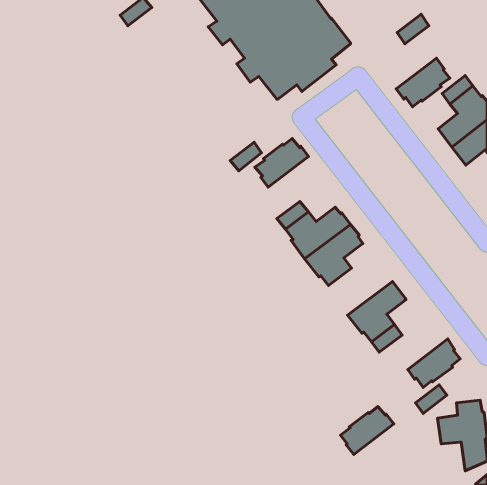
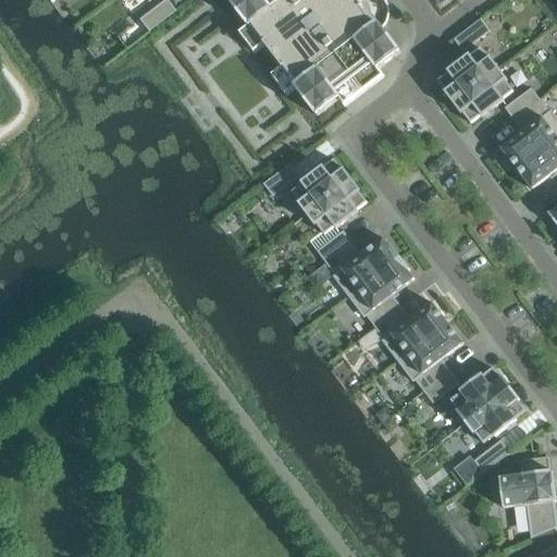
building: none -> [437,47,497,101]
building: none -> [306,178,366,233]
building: none -> [374,301,447,359]
building: [340,407,394,454] -> [449,367,510,421]

